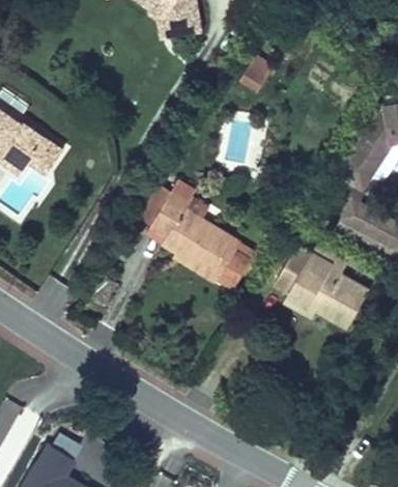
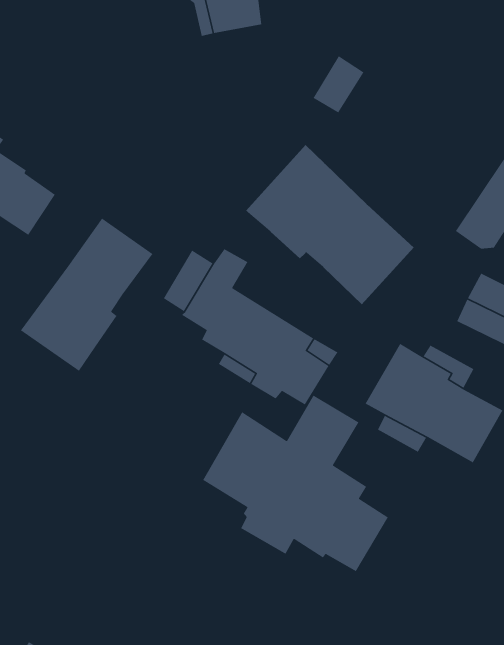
building: none -> [245,144,414,305]
building: none -> [20,217,153,372]
building: none -> [202,395,389,572]

